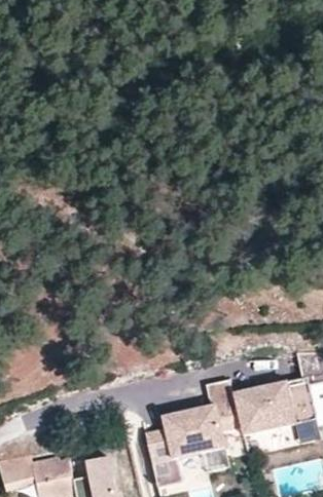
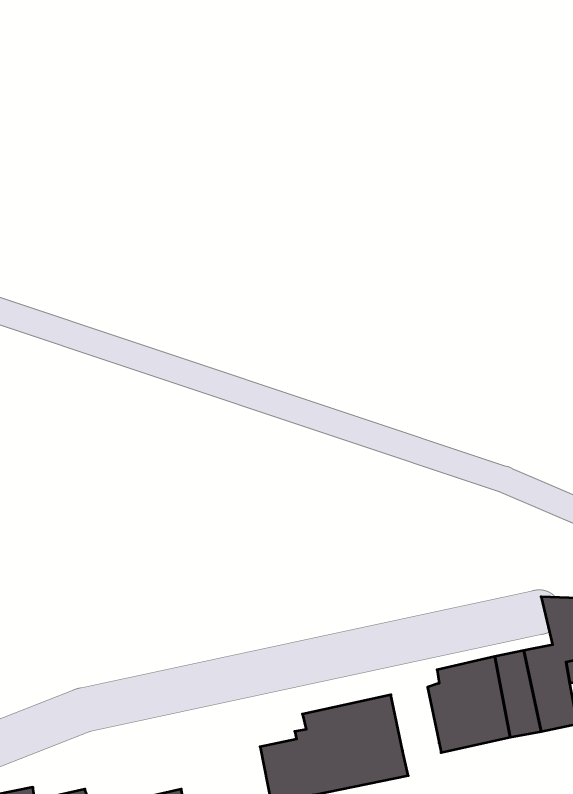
building: [213,379,244,434] -> none

